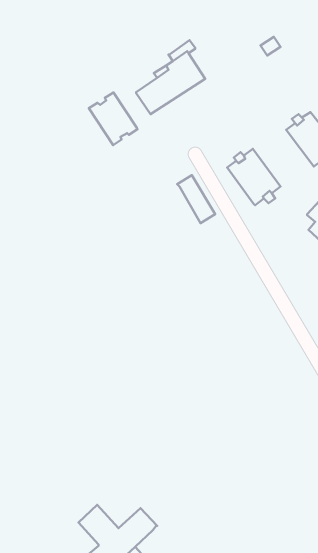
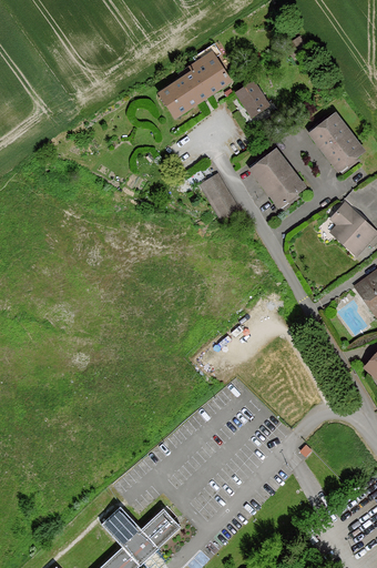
building: none -> [236,84,267,118]
building: [89,92,137,145] -> none

